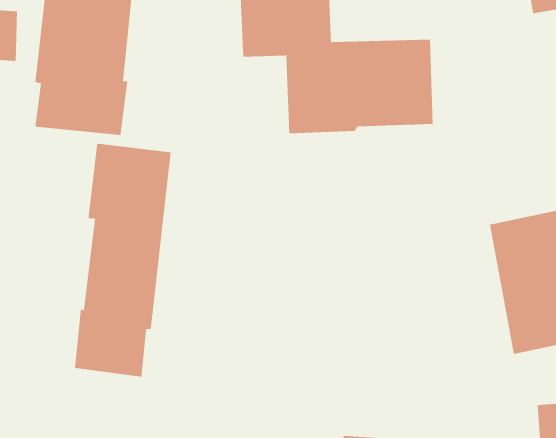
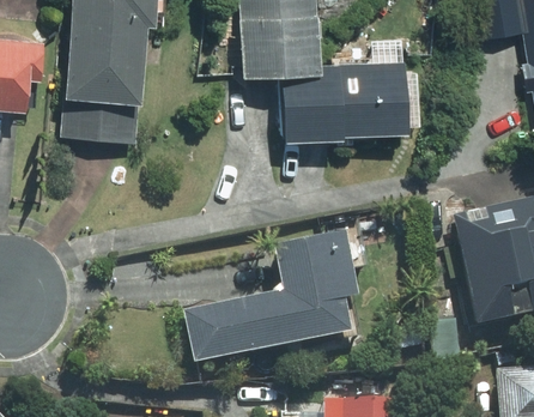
building: [74,143,171,377] -> none
building: none -> [182,232,358,364]

